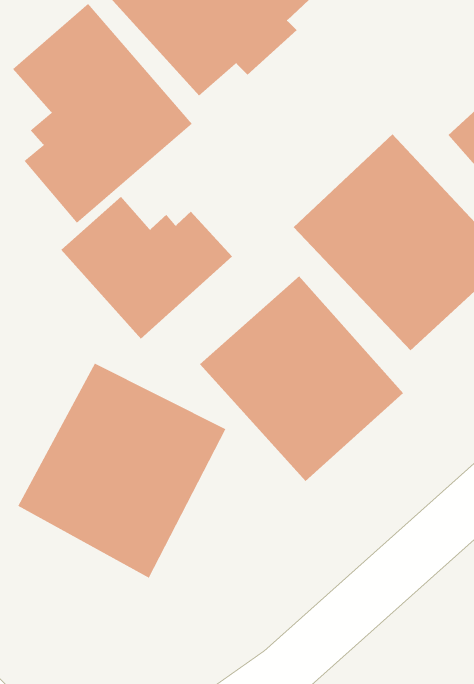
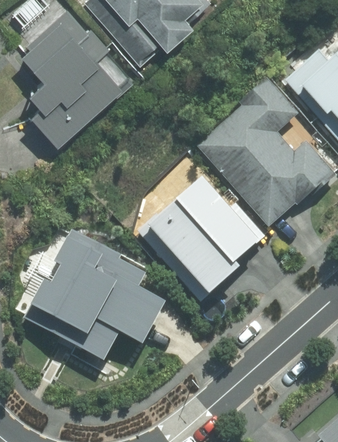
building: [61,196,233,340] -> none

